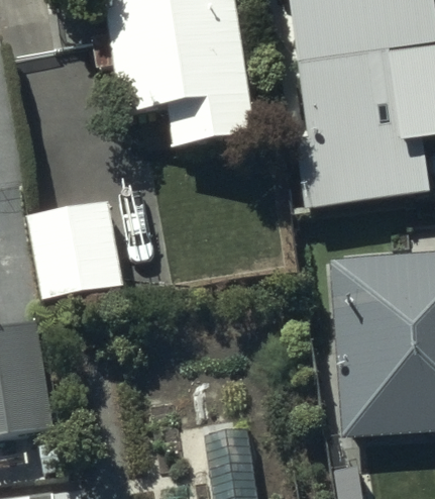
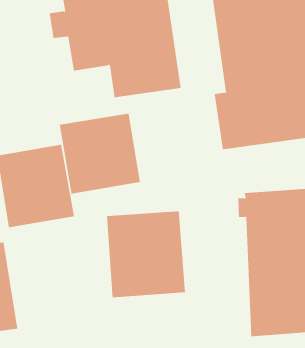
building: none -> [59,113,140,194]
building: none -> [107,210,185,298]

